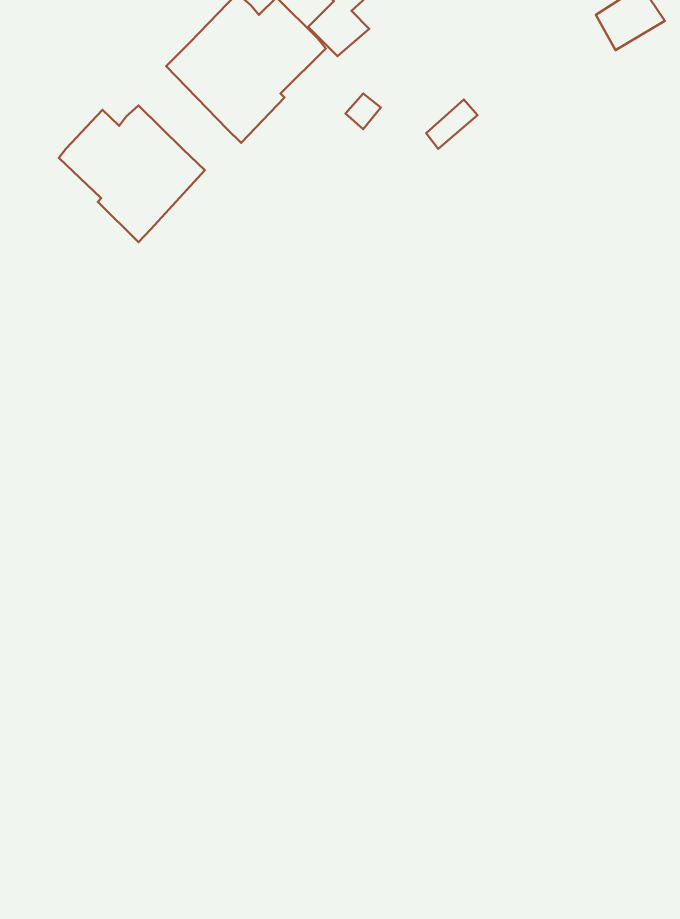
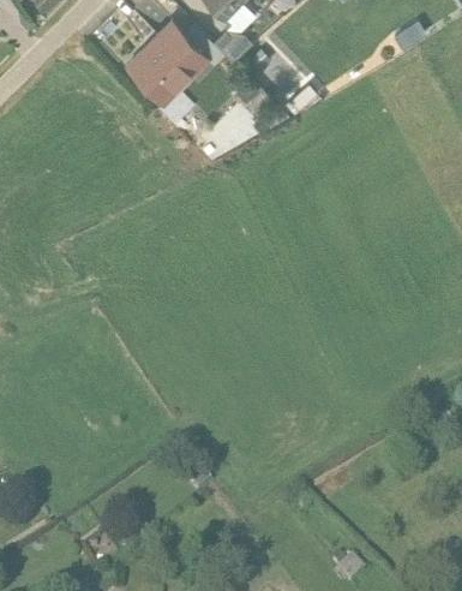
building: [59,105,205,242] -> none

